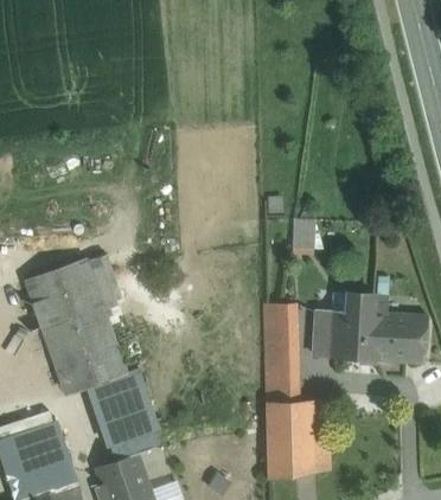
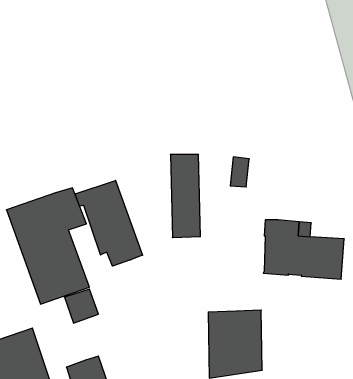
building: none -> [75,180,143,266]
building: [263,303,299,402] -> [170,154,200,238]
building: [313,310,333,353] -> none
building: [104,404,151,459] -> none

